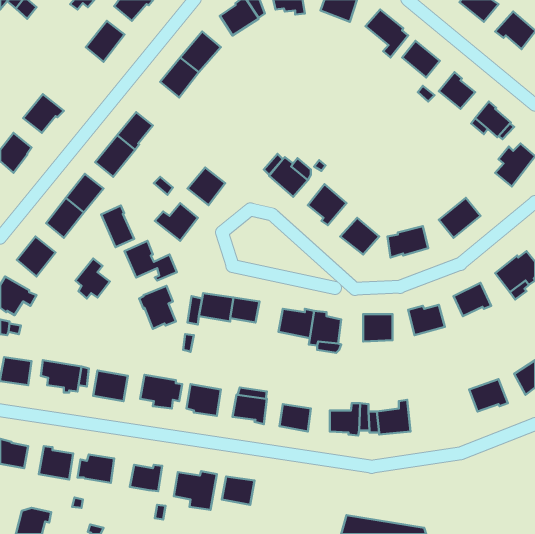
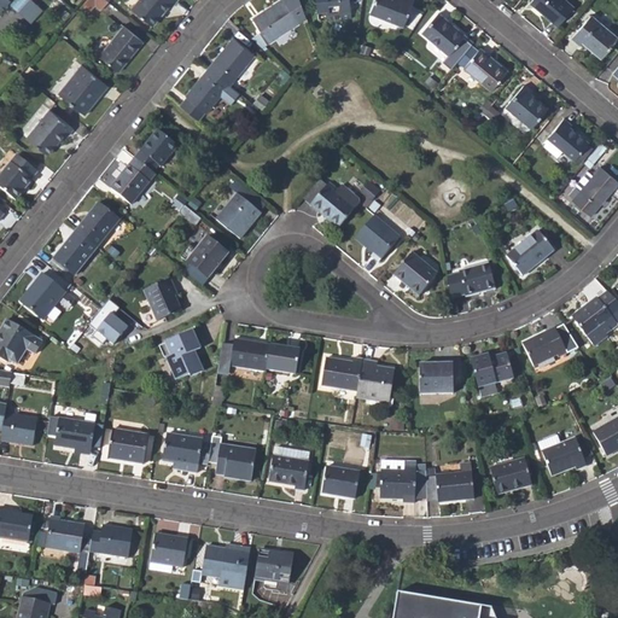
building: none -> [59,65,107,113]
building: [101,206,134,247] -> none
building: none -> [489,456,530,494]

